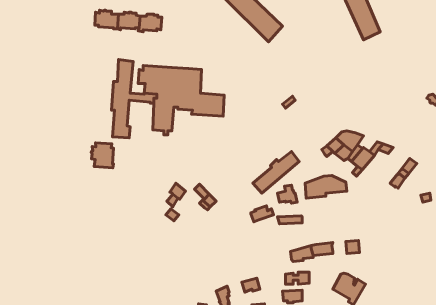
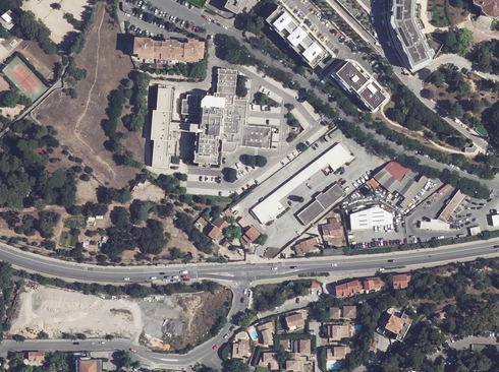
building: none -> [332,61,382,112]
building: none -> [214,67,233,98]
building: none -> [252,142,351,225]
building: [91,143,114,168] -> none

